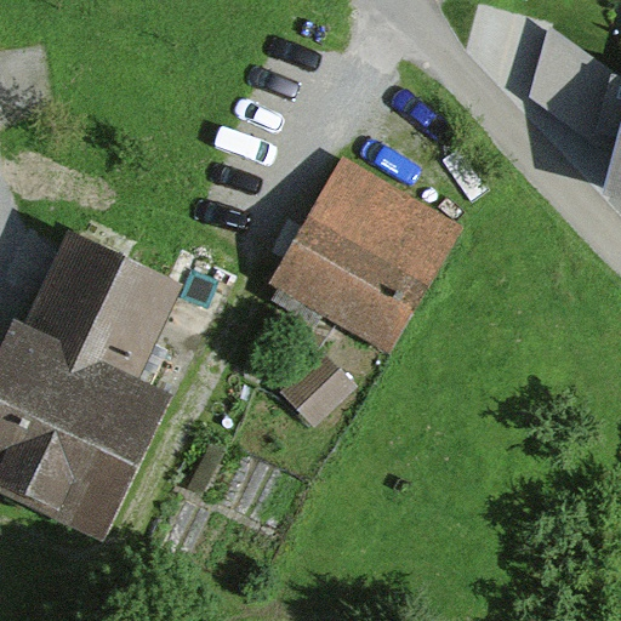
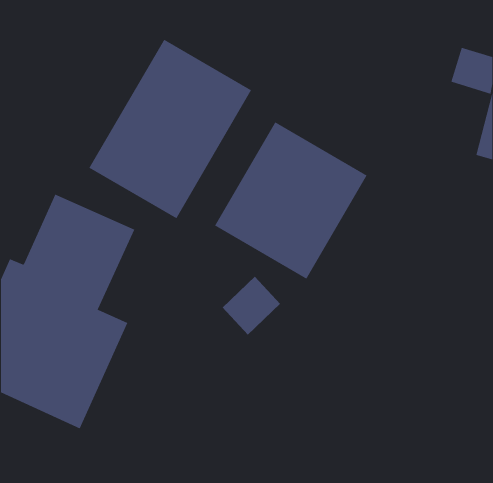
building: none -> [89,39,252,219]

